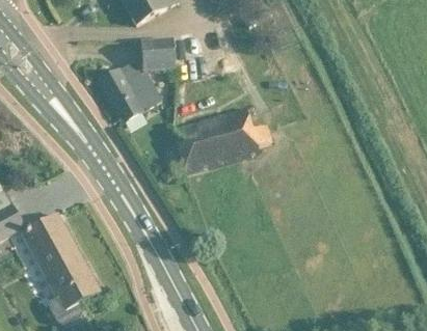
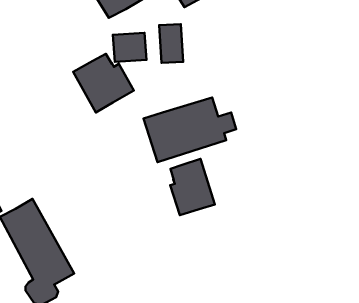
building: none -> [159,24,183,63]
building: none -> [170,159,215,215]

